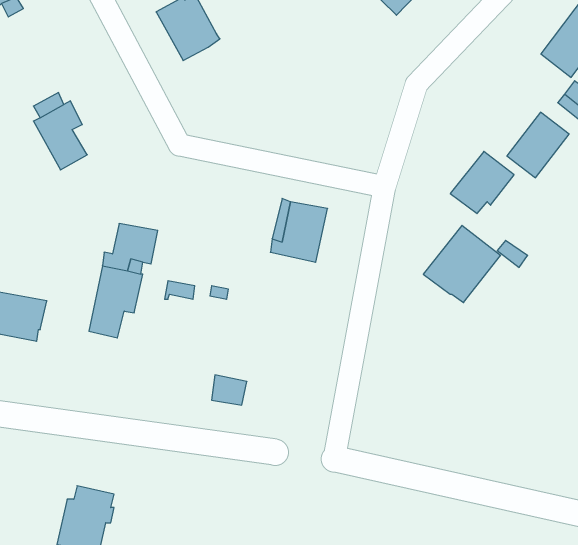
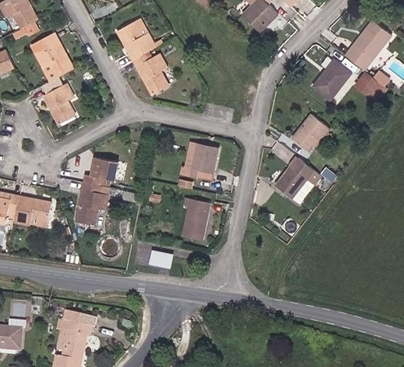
building: none -> [30,33,72,81]
building: none -> [132,52,167,95]
building: [507,112,569,178] -> [313,60,350,99]
building: none -> [182,198,209,240]

